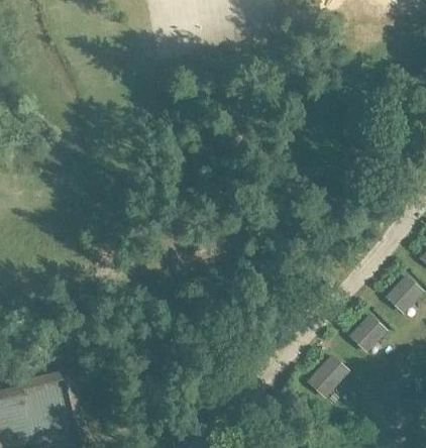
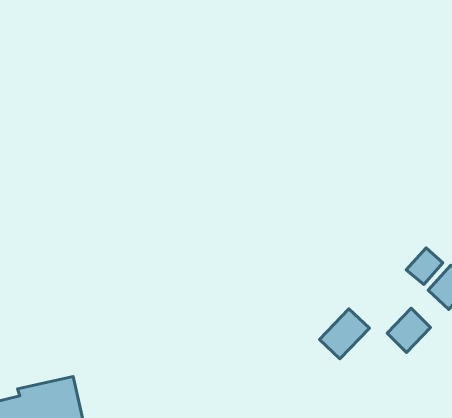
building: none -> [406,248,443,285]
building: [305,353,349,398] -> [319,309,369,359]

